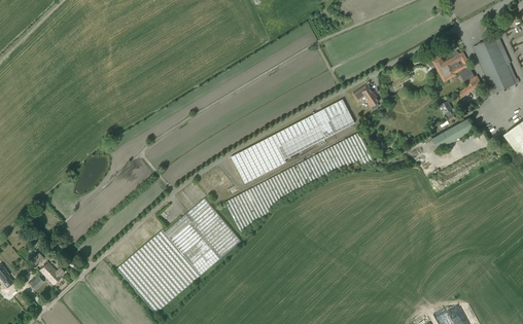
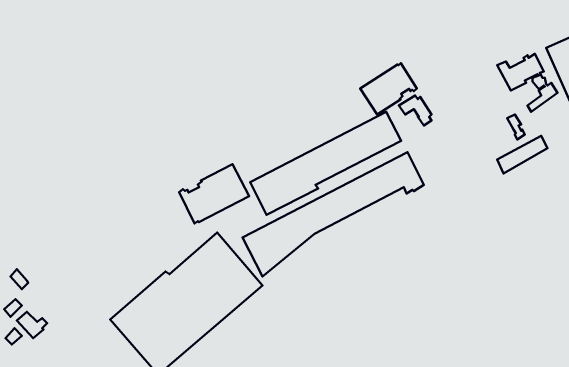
building: none -> [360,63,417,114]
building: none -> [179,164,249,223]

